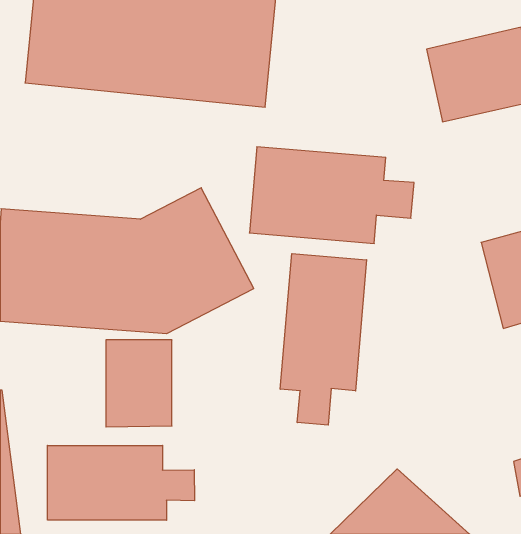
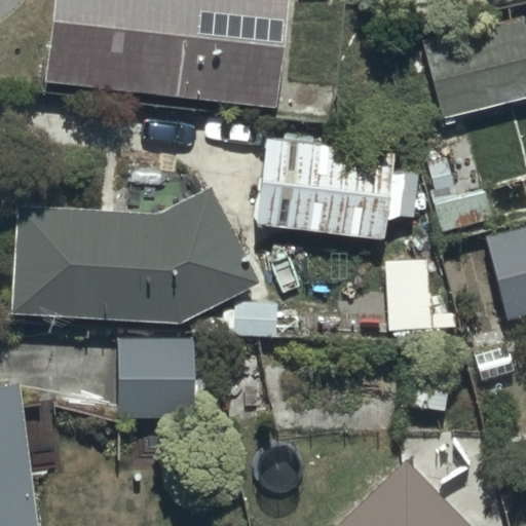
building: [280,254,367,425] -> none
building: [47,445,194,520] -> none

